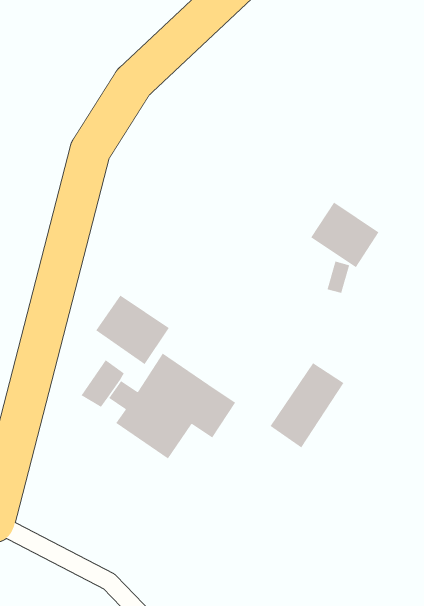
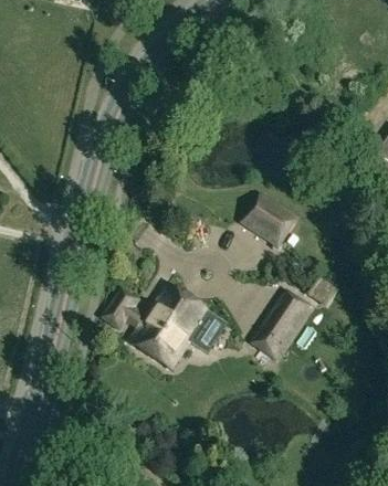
building: [310,201,380,268] -> [240,194,295,247]
building: [95,295,170,365] -> none

